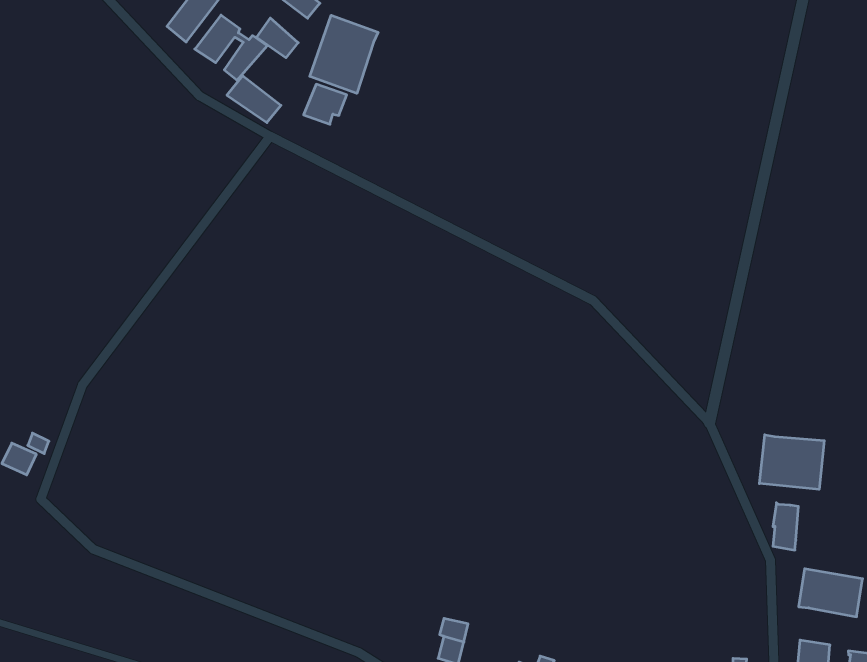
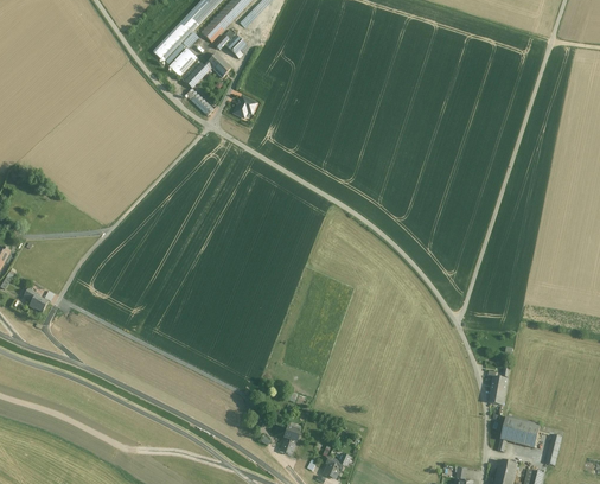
building: [310,15,378,93] -> none
building: [759,435,824,489] -> none

